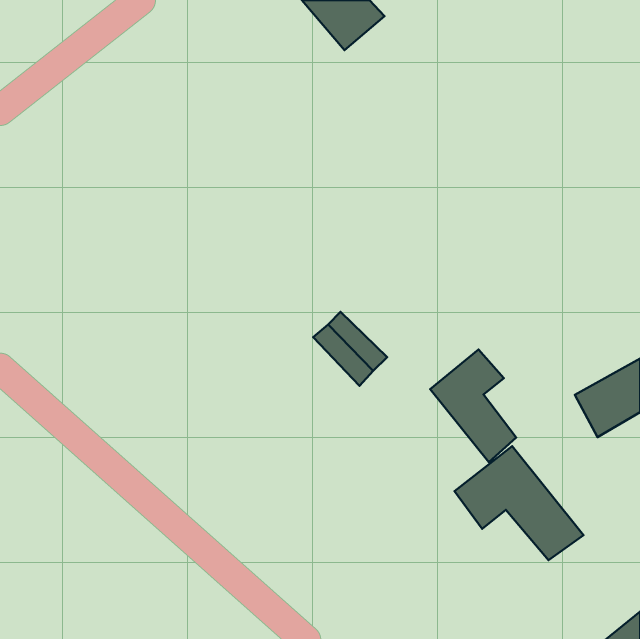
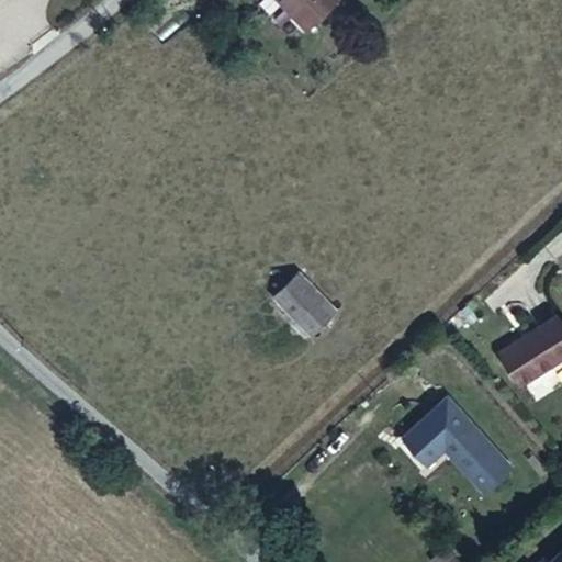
building: [430,350,516,462] -> none

